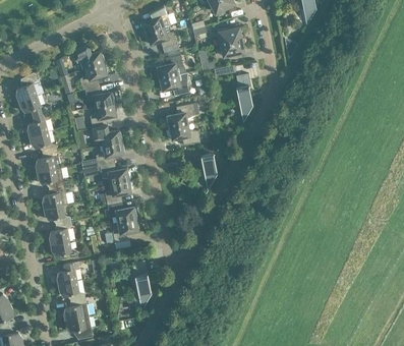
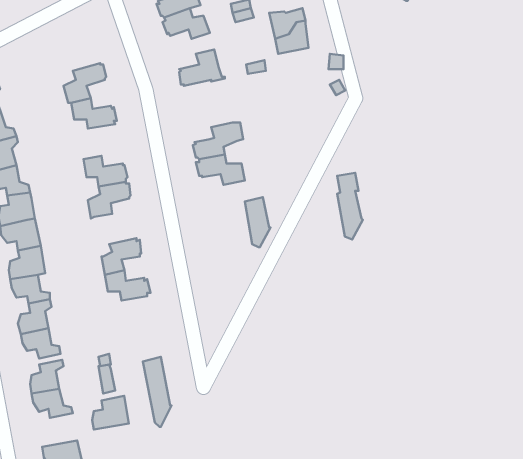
building: [73,46,105,68] -> none
building: [236,73,253,118] -> [337,173,363,240]
building: [159,74,189,95] -> none
building: [90,104,117,127] -> none
building: [100,164,129,184] -> none
building: [112,219,139,242] -> none
building: [64,297,89,320] -> [92,396,129,429]

